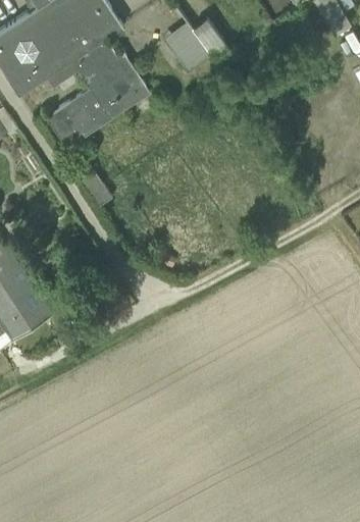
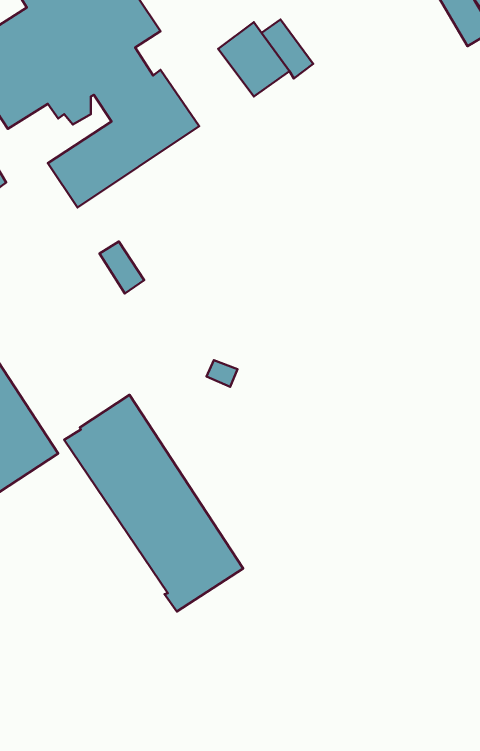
building: none -> [64,395,243,611]

